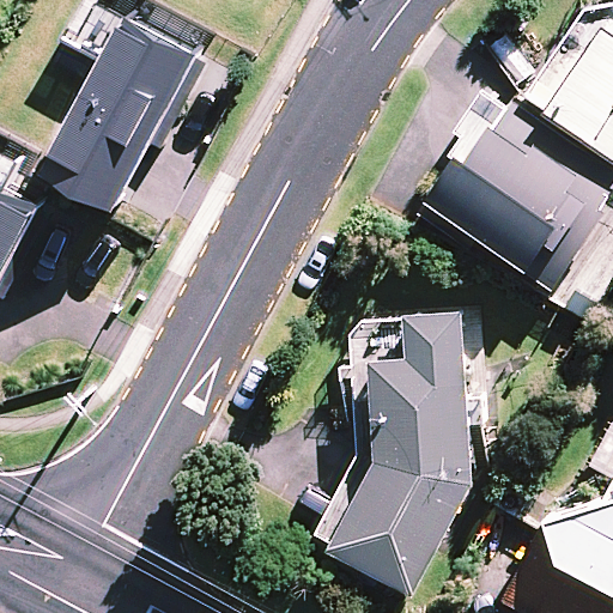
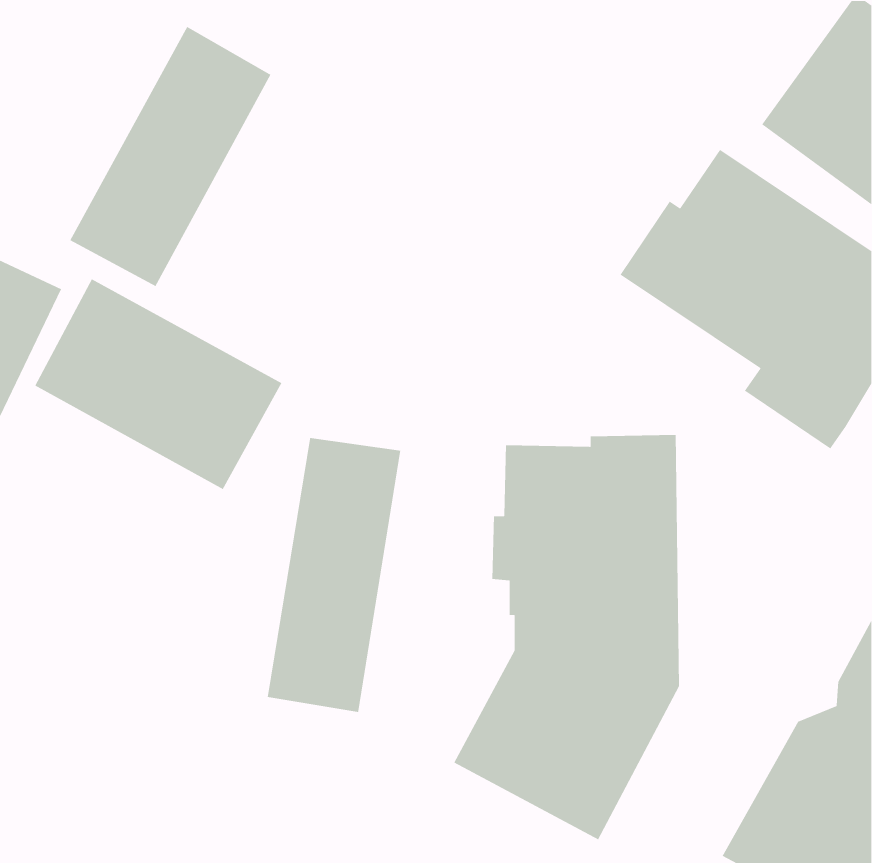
building: none -> [34,278,283,490]
building: none -> [267,437,401,713]

